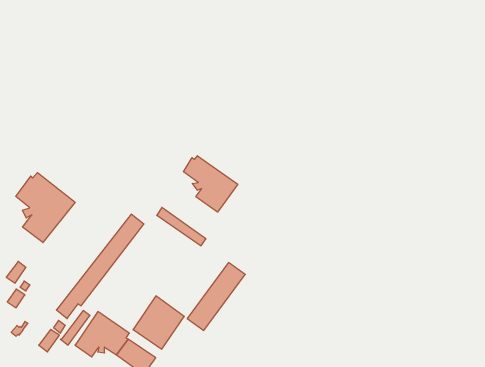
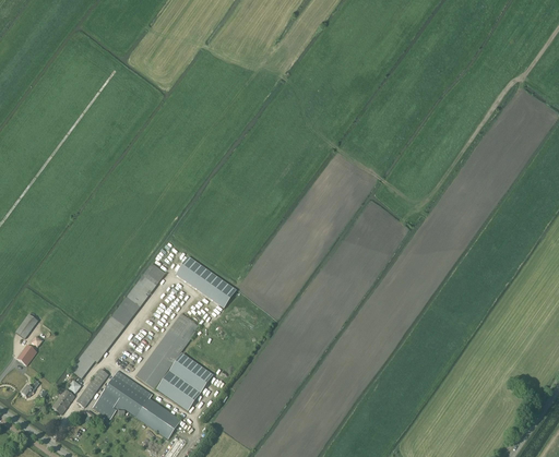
building: [183,156,238,212] -> none
building: [16,173,75,243] -> none
building: [187,263,245,330] -> [134,313,199,388]

